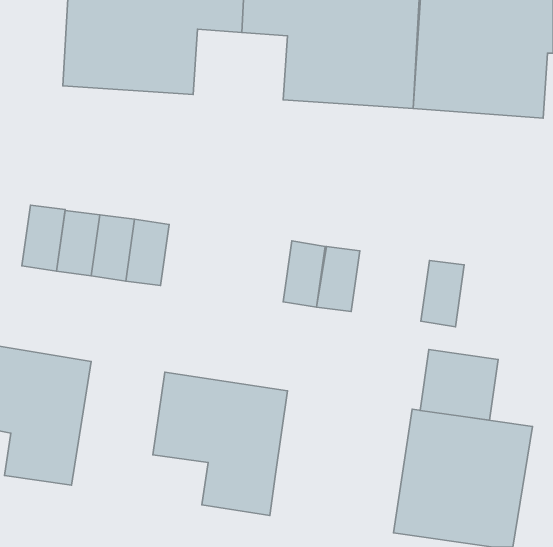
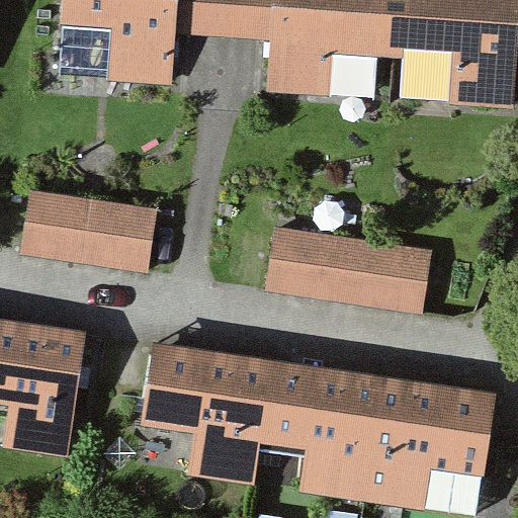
building: [420,350,498,420] -> [328,234,401,299]
building: none -> [257,364,384,497]

